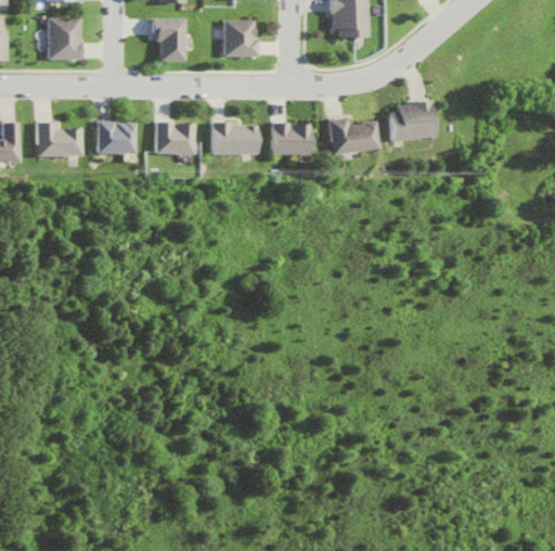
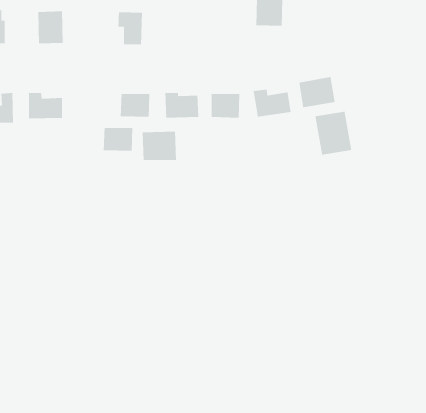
building: [224,21,256,57] -> none
building: [96,123,135,154] -> [103,127,133,152]
building: none -> [314,111,352,156]
building: none -> [142,131,177,161]

